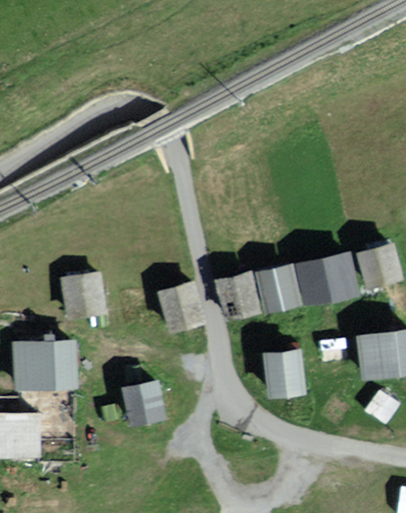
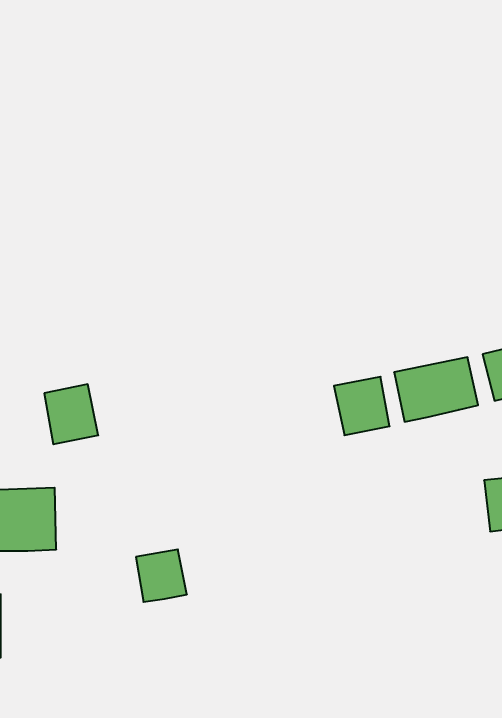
building: [218,274,257,314] -> none
building: [162,286,199,328] -> none
building: [268,350,302,393] -> none

